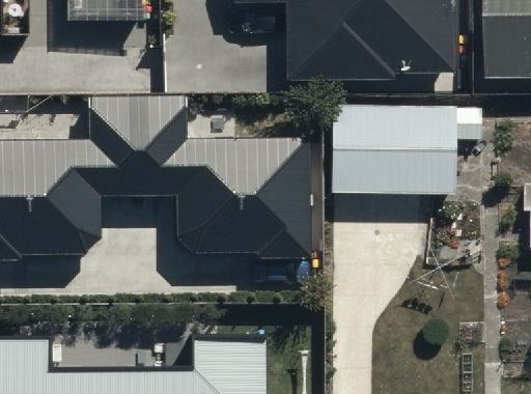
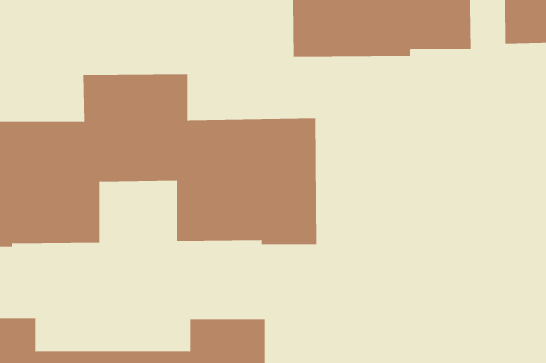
building: [328,100,482,188] -> none

